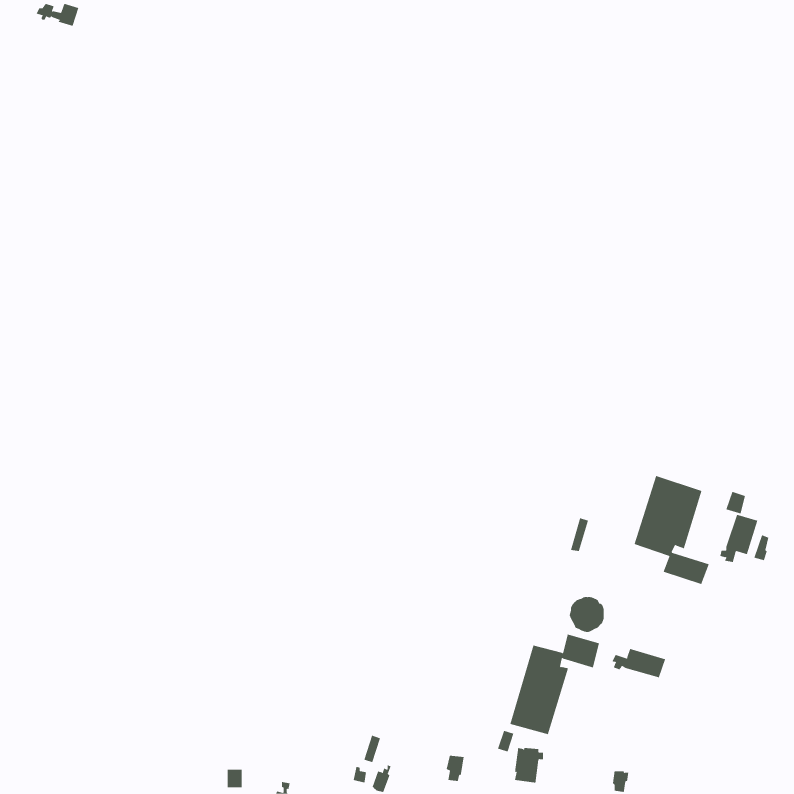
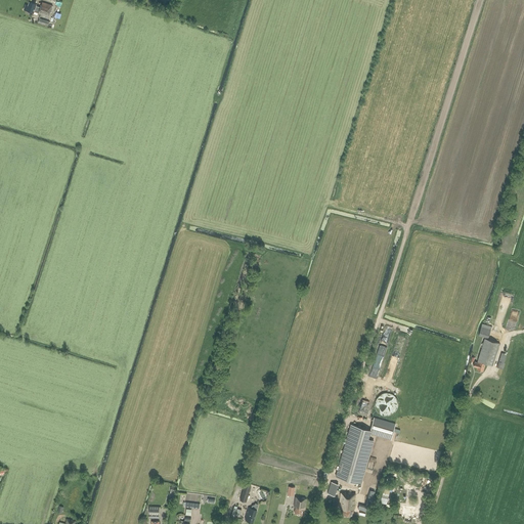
building: [634,475,710,585] -> none
building: [612,648,666,678] -> none

